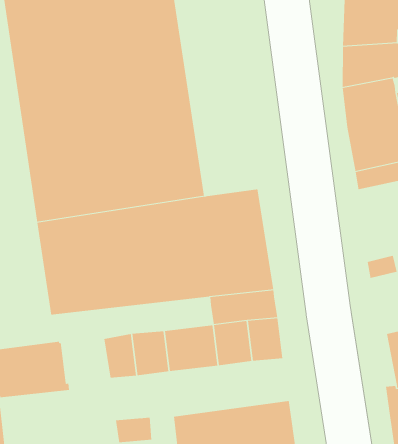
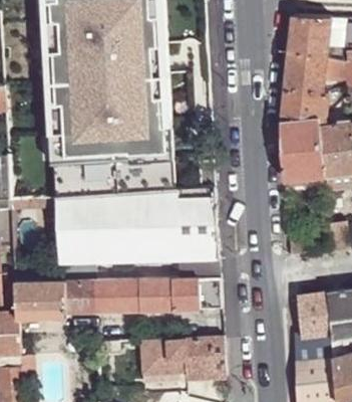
building: none -> [65,283,97,313]

